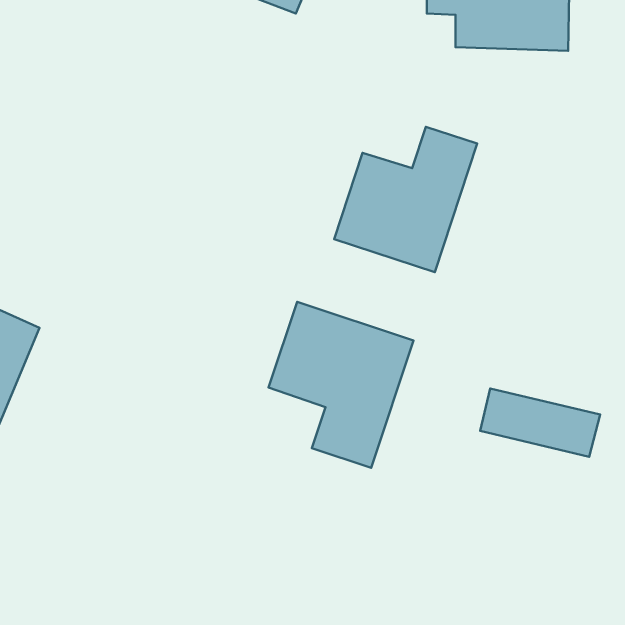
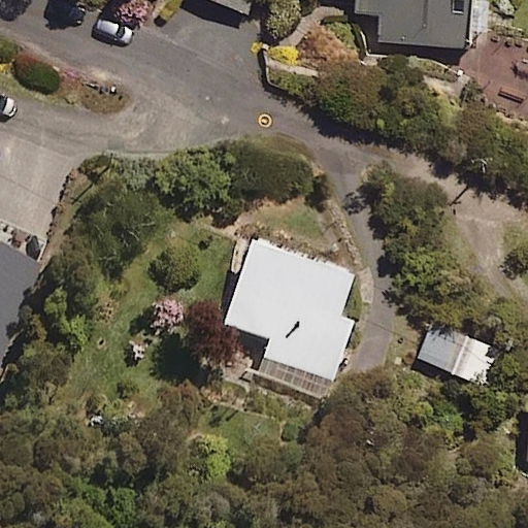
building: [334,127,477,272] -> none

